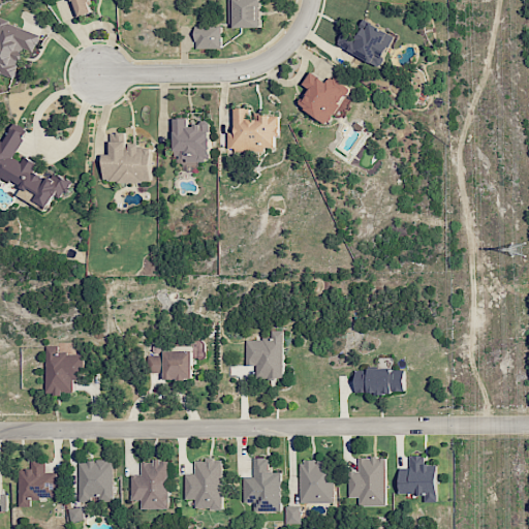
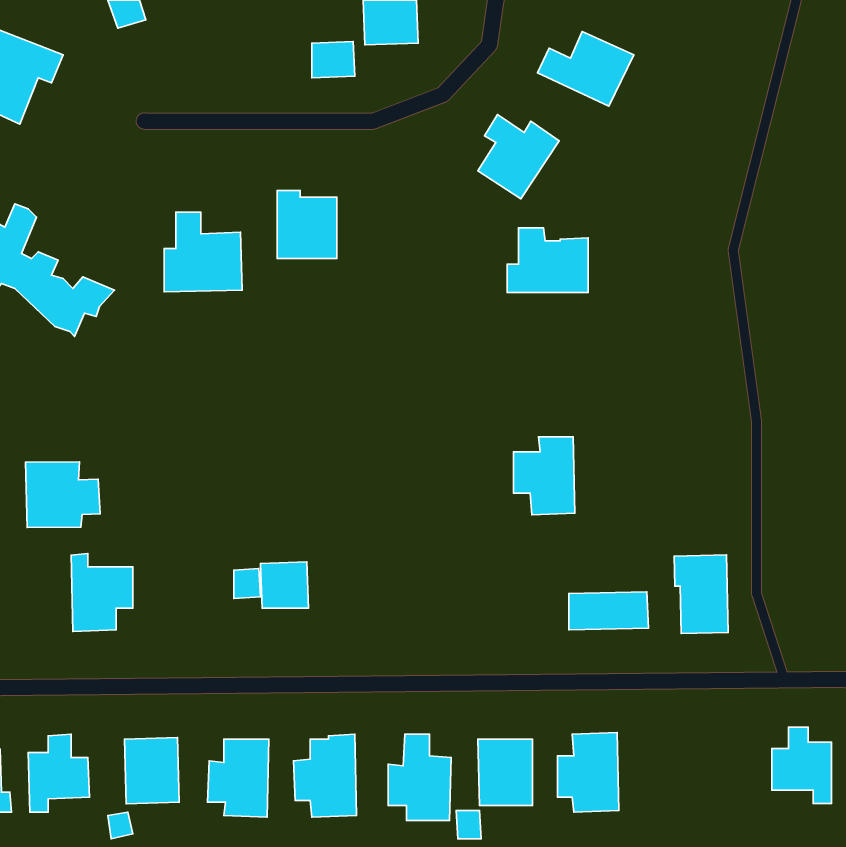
building: [226,108,277,149] -> [507,228,588,292]
building: none -> [26,462,100,528]
building: [245,331,283,379] -> [514,437,575,515]
building: none -> [674,555,728,633]
building: [398,455,435,502] -> [772,727,832,803]

